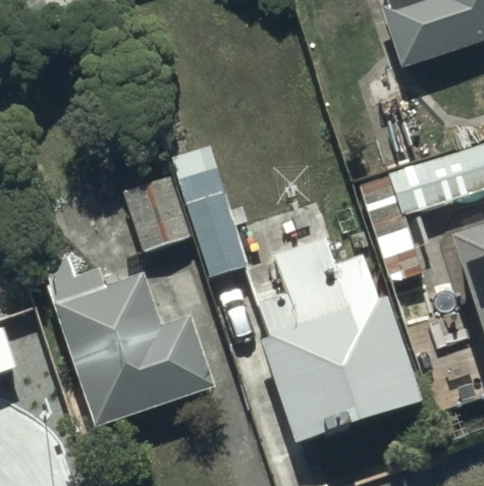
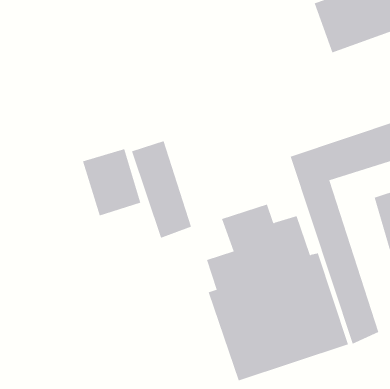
building: [55,263,214,423] -> none

